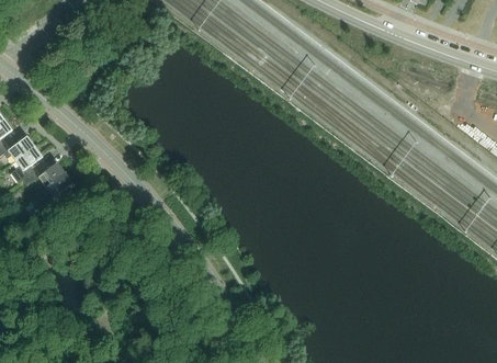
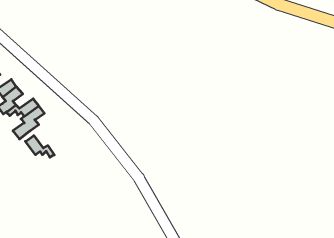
building: none -> [25,136,54,157]

